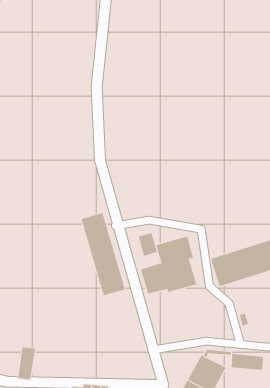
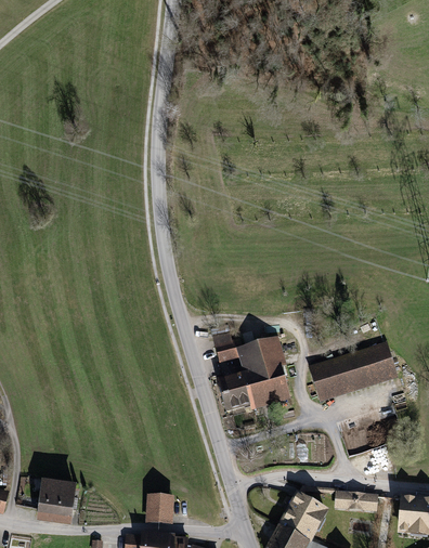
building: [81,212,126,296] -> none
building: none -> [37,479,60,522]
building: none -> [145,494,174,523]

